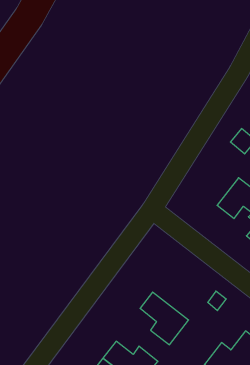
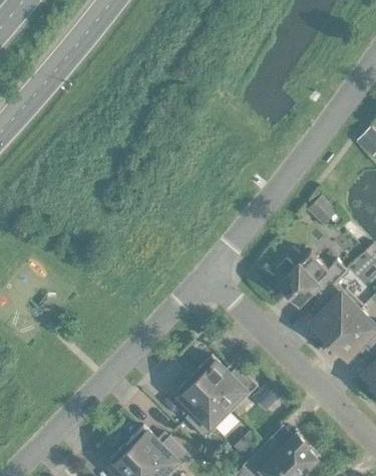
building: none -> [194,356,258,413]

